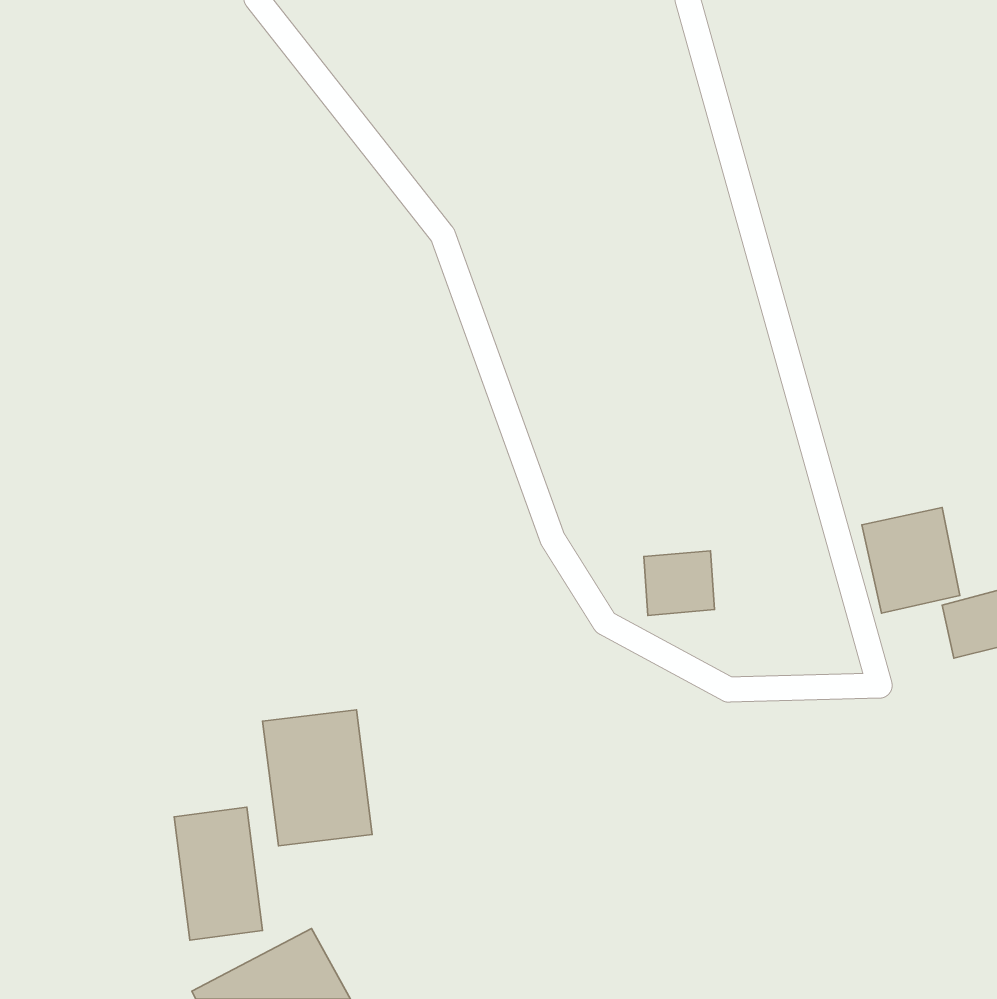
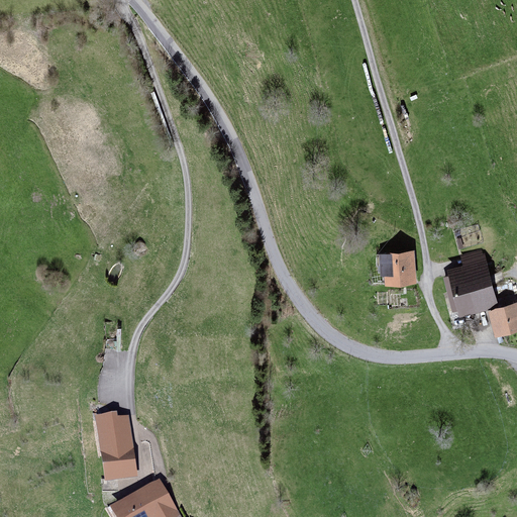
building: [644,551,714,615] -> [377,250,413,284]
building: [263,710,372,846] -> none

